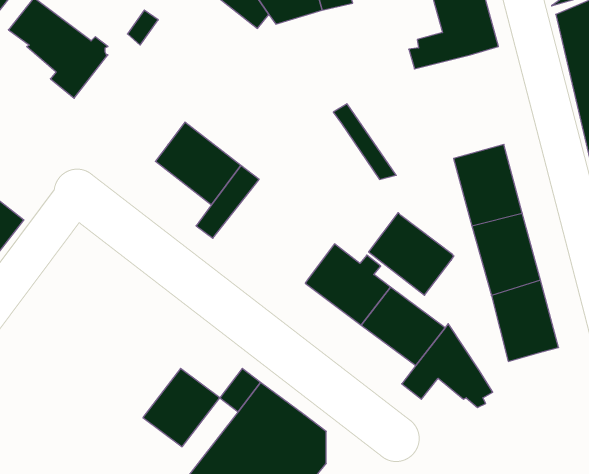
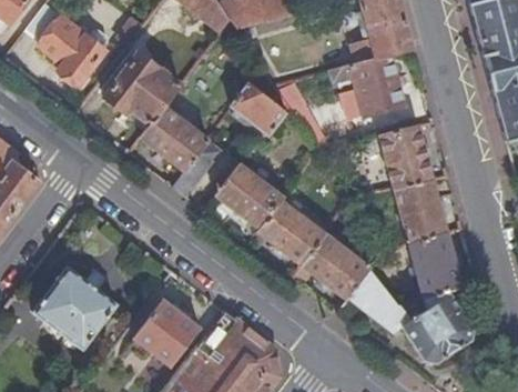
building: none -> [106,51,182,123]
building: none -> [331,52,406,117]
building: none -> [235,84,287,134]
building: [369,213,454,295] -> [219,164,286,230]
building: none -> [33,268,118,352]
building: none -> [402,291,476,364]

